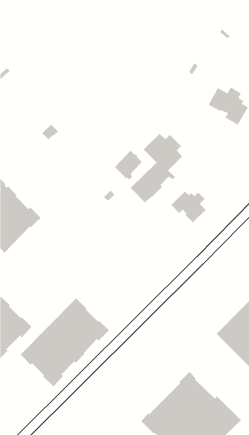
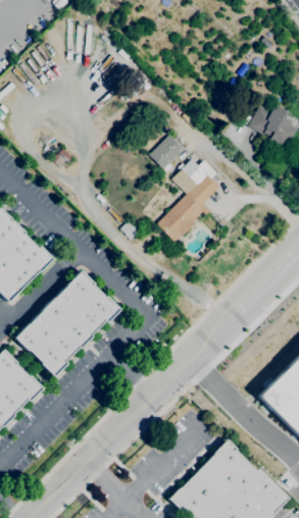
building: [114,150,143,181] -> [150,135,184,171]
building: [171,191,206,223] -> none
building: [20,297,110,387] -> [14,270,120,376]

